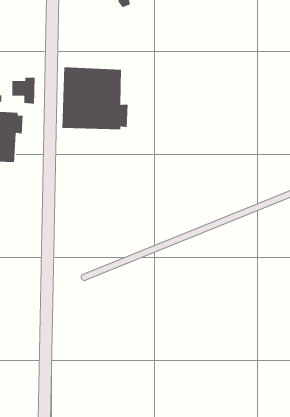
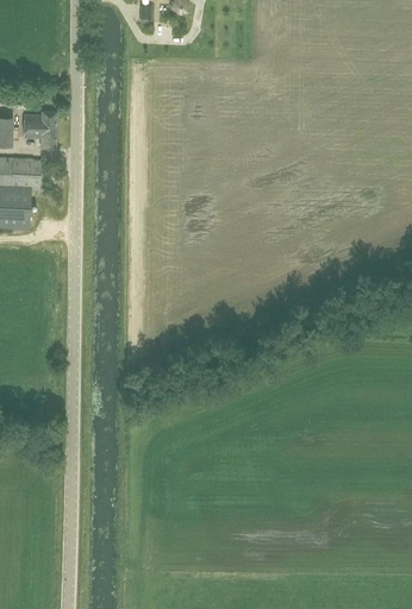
building: [62,66,129,130] -> none

